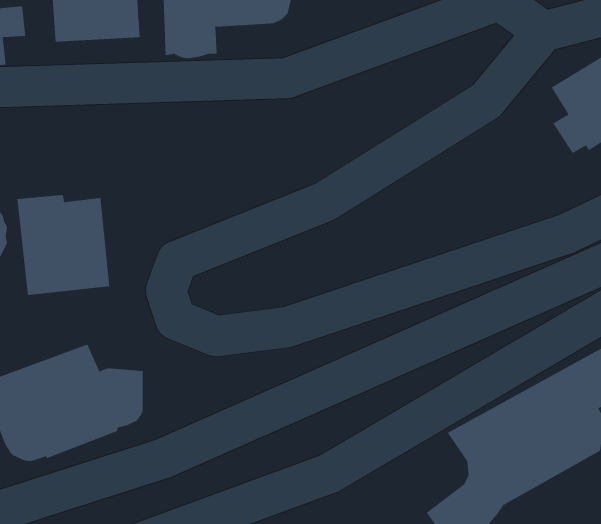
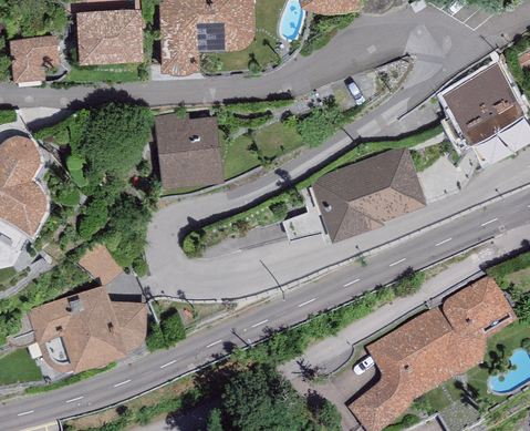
building: none -> [310,144,427,240]
building: [17,194,110,295] -> [154,113,222,187]

